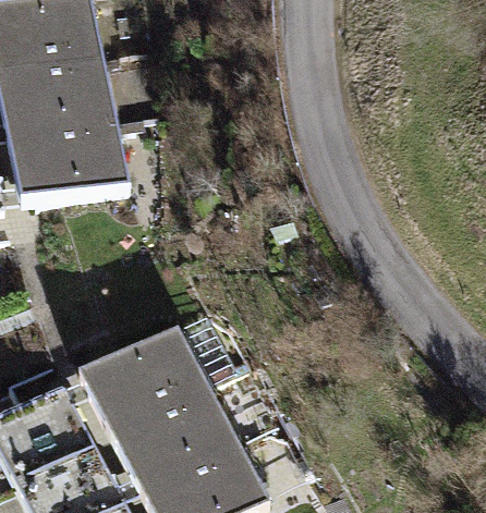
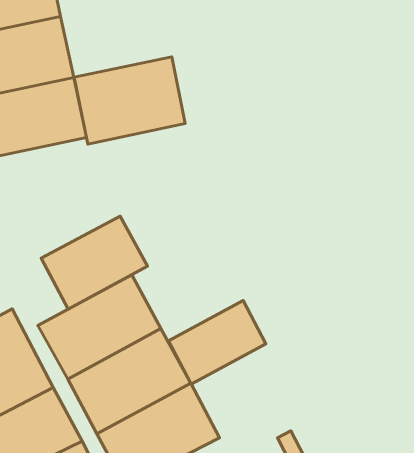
building: none -> [74,57,185,144]
building: none -> [41,216,147,309]
building: none -> [168,301,266,384]

